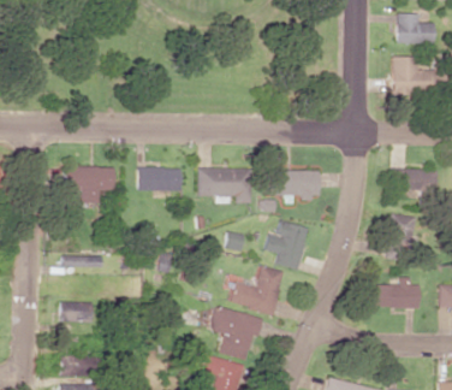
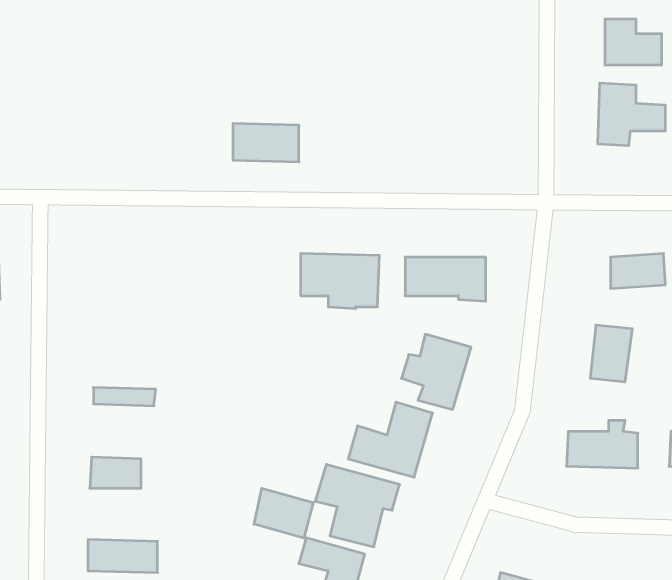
building: [66,165,115,203] -> none
building: [138,166,182,191] -> [233,123,299,162]
building: none -> [254,488,313,538]

